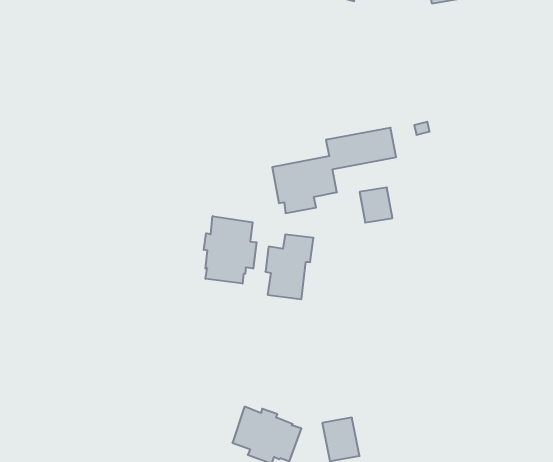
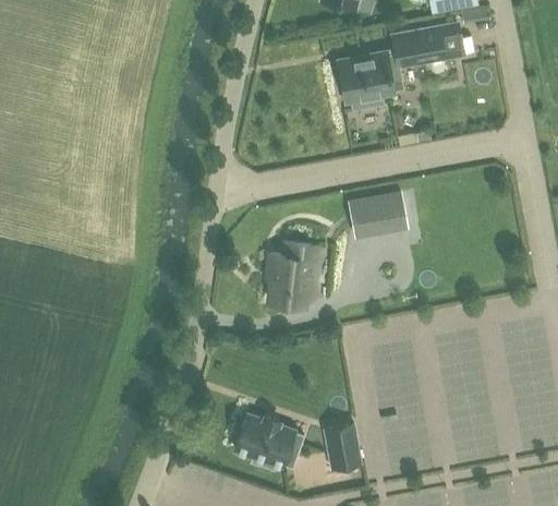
building: [272,128,396,213] -> [339,24,462,109]
building: [204,216,257,284] -> none

